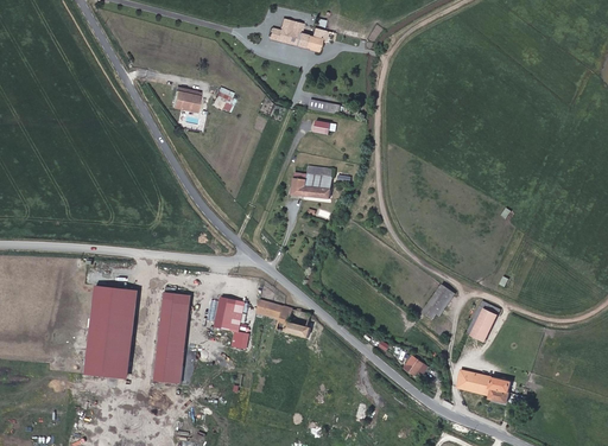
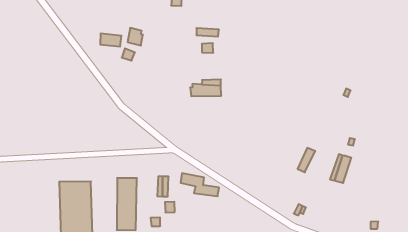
building: [456,368,509,399] -> none

